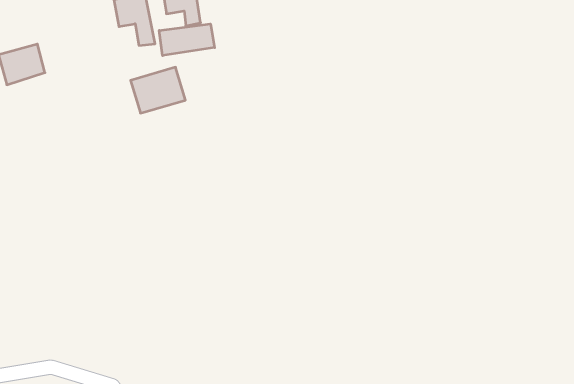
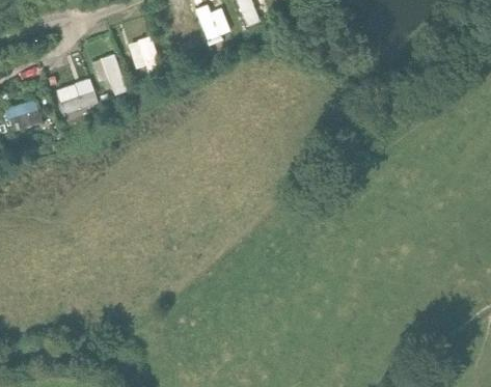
building: [159,24,215,56] -> none
building: [131,67,185,113] -> [55,78,99,115]

